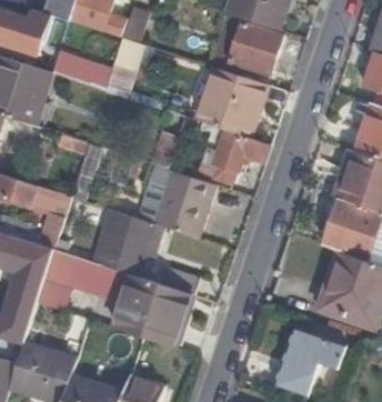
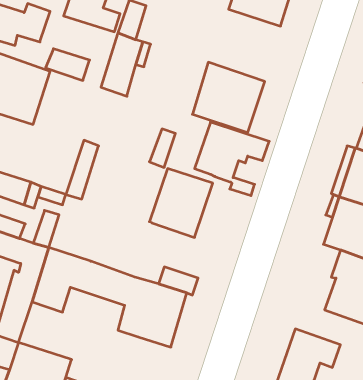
building: [229,21,281,72] -> none
building: [93,209,154,277] -> none

